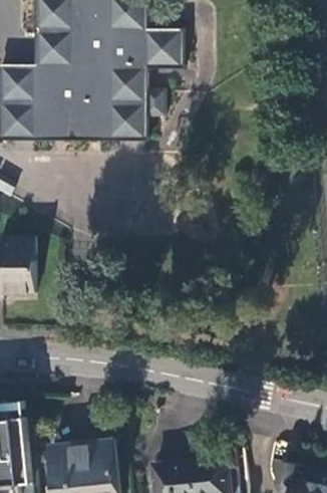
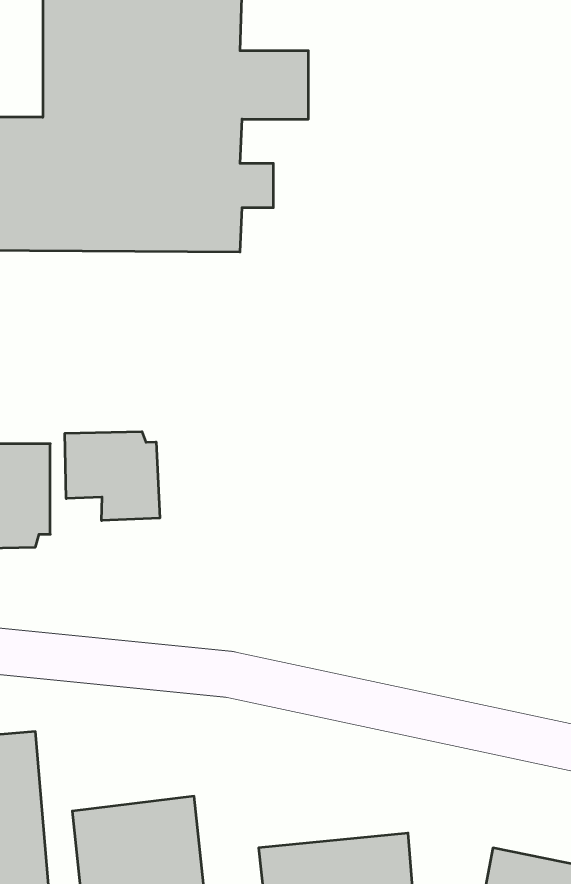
building: none -> [65,432,160,521]

